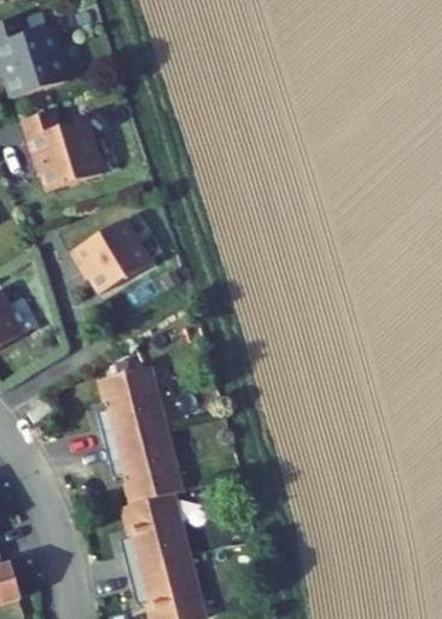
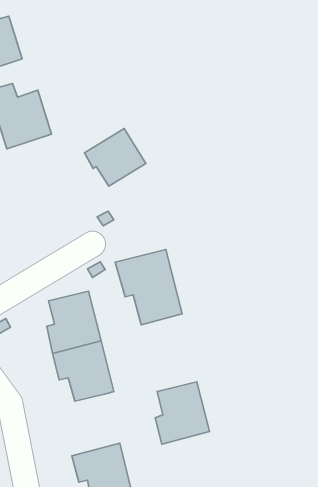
building: [71,220,147,291] -> [84,129,146,186]
building: none -> [115,249,182,325]
building: [121,493,188,571] -> [155,382,210,444]

